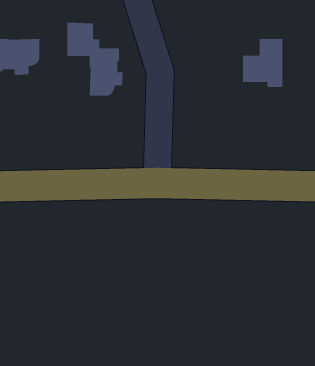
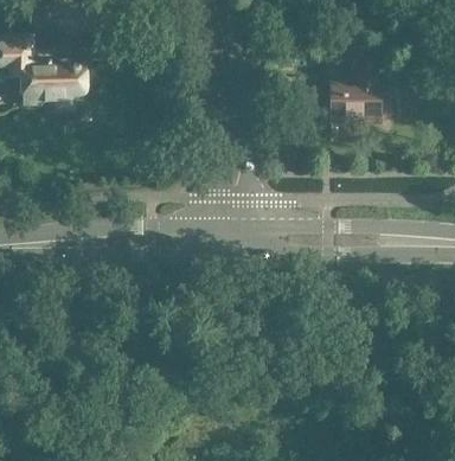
building: [67,22,123,96] -> none

